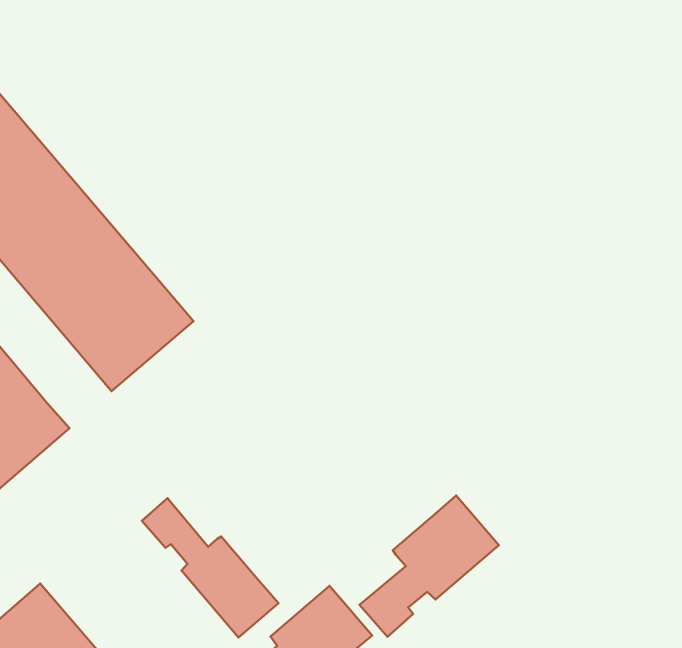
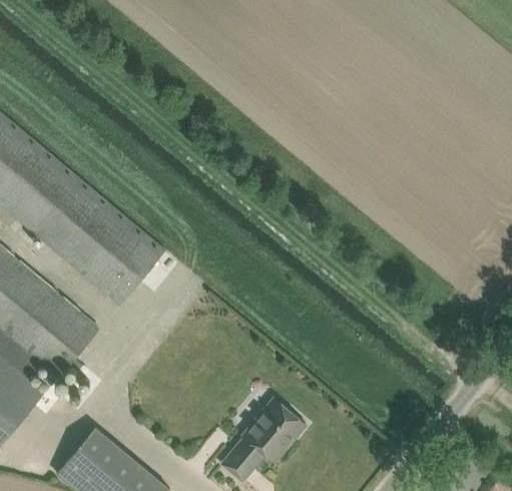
building: [359,496,499,637] -> none
building: [142,498,279,637] -> none

